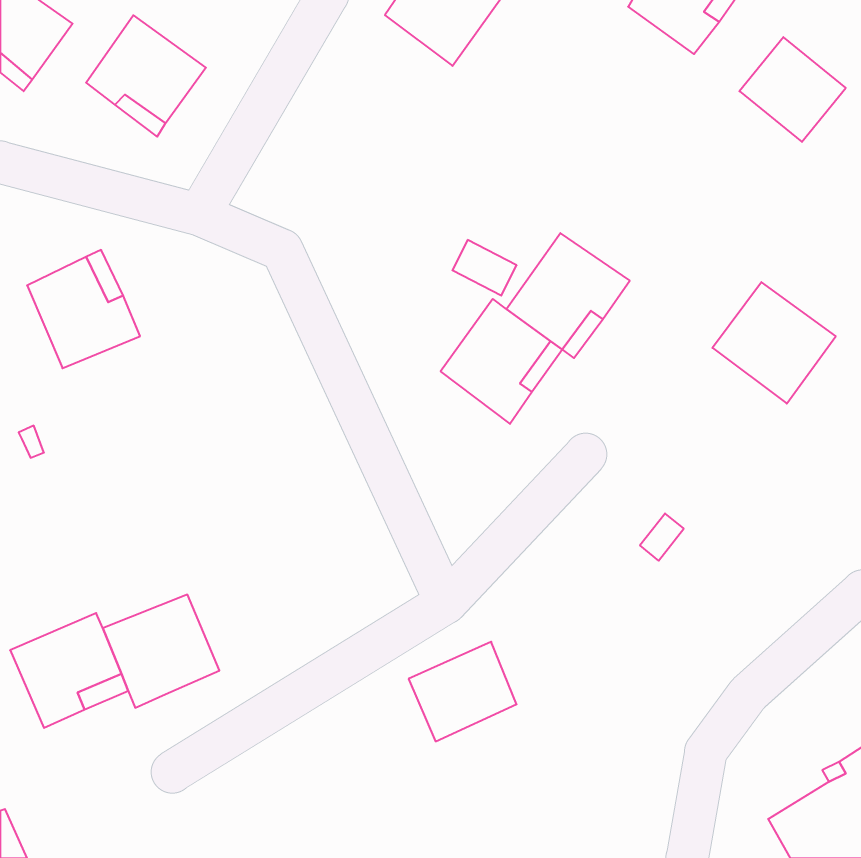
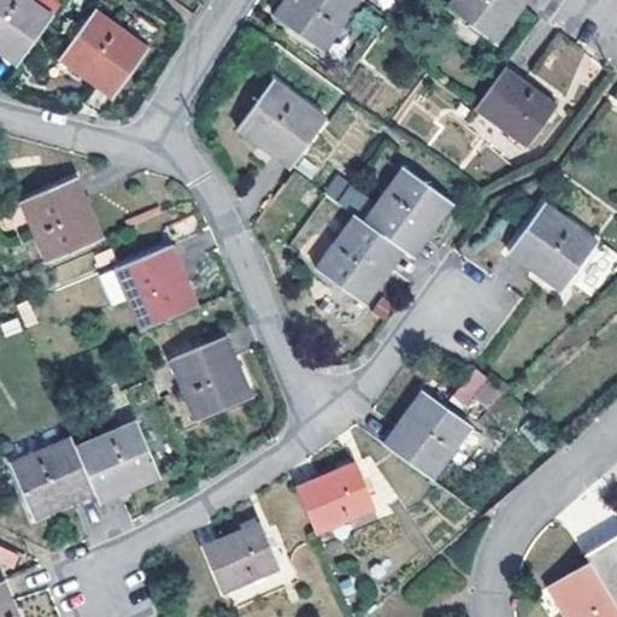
building: none -> [477,66,558,143]
building: none -> [237,77,325,165]
building: none -> [100,246,198,330]
building: none -> [168,336,248,421]
building: none -> [384,394,472,483]
building: none -> [199,522,277,592]

